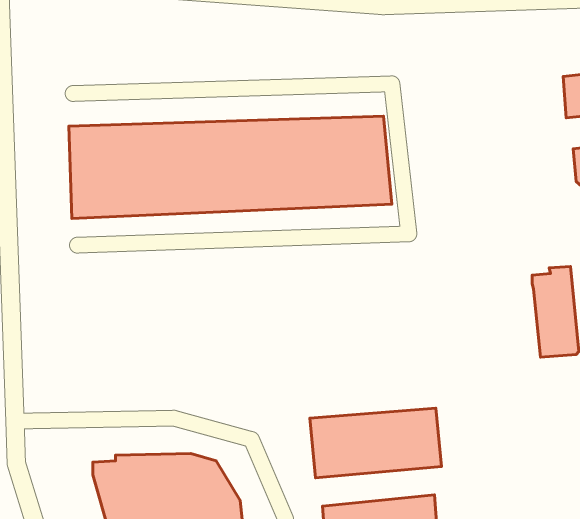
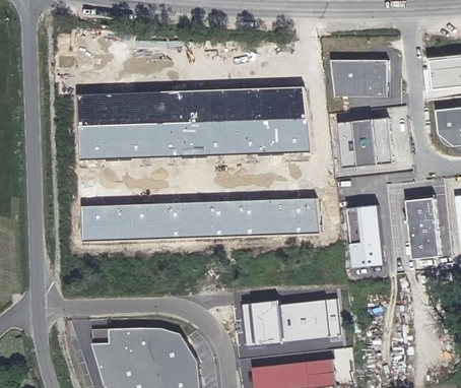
building: none -> [330,61,388,98]
building: none -> [337,118,392,169]
building: none -> [79,197,316,242]
building: none -> [347,205,383,269]

